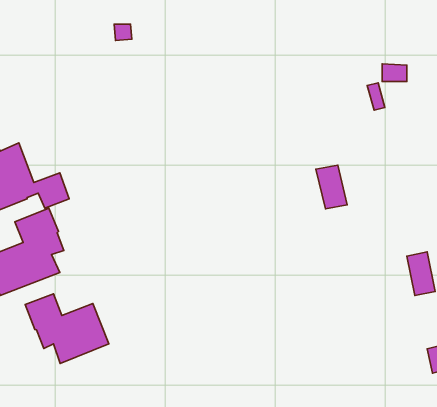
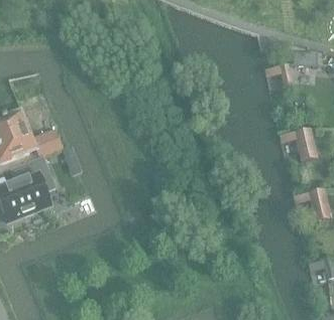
building: [316,165,347,209] -> [295,126,318,158]
building: [25,294,109,363] -> none

